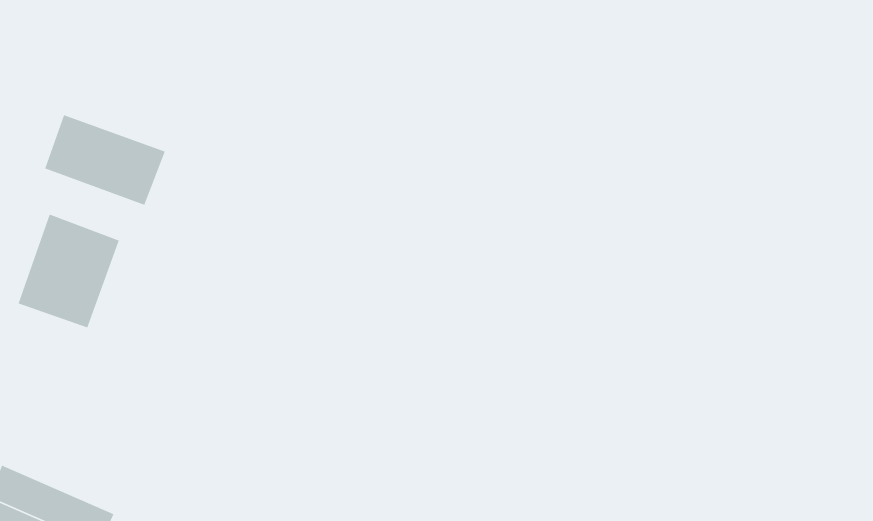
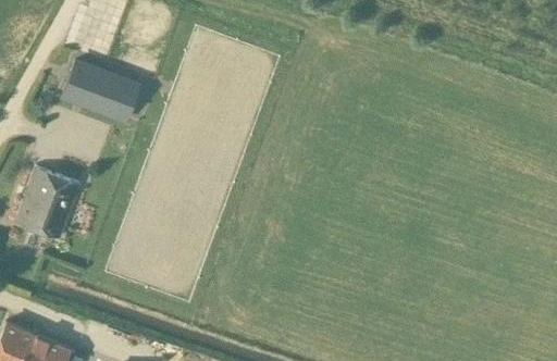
building: [44,114,166,206] -> [63,63,138,120]

